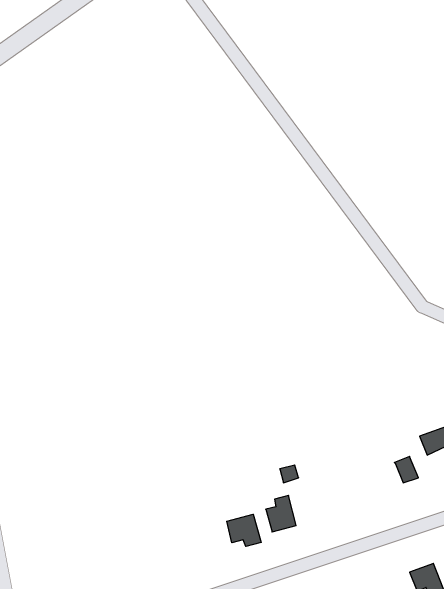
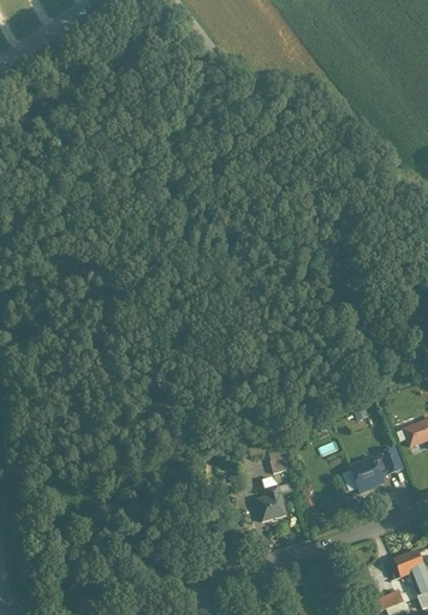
building: none -> [350,455,387,492]
building: [227,514,261,546] -> none

